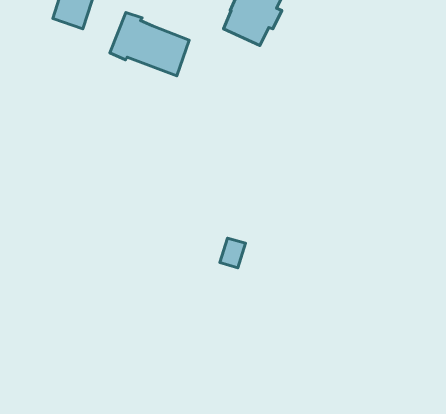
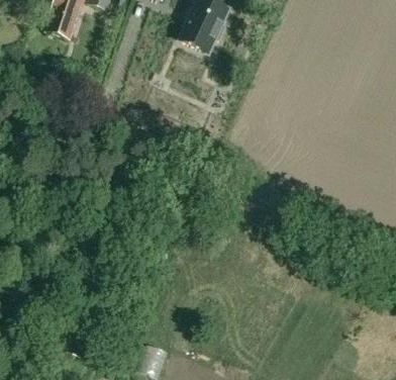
building: [110,12,189,76] -> none

